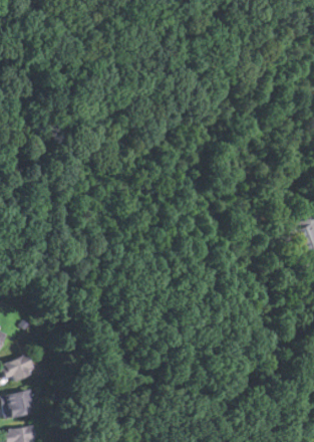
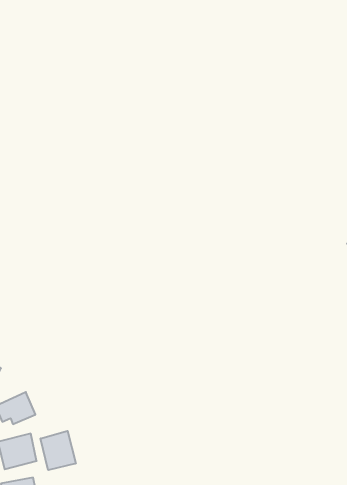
building: none -> [41,431,76,470]

